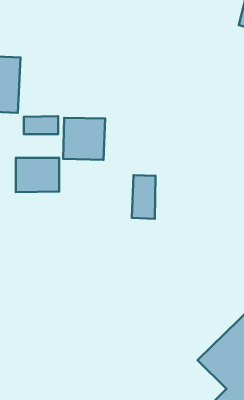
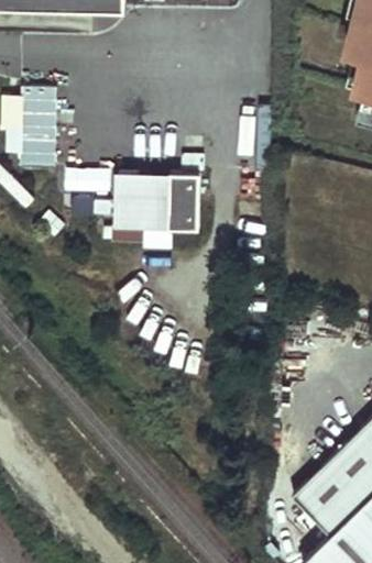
building: [16,158,59,192] -> none
building: [132,175,156,219] -> [166,174,198,232]

